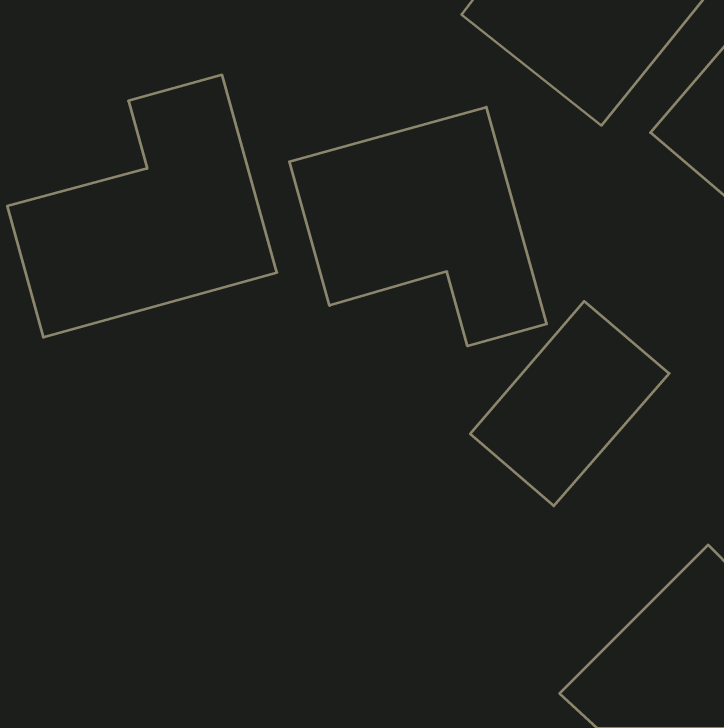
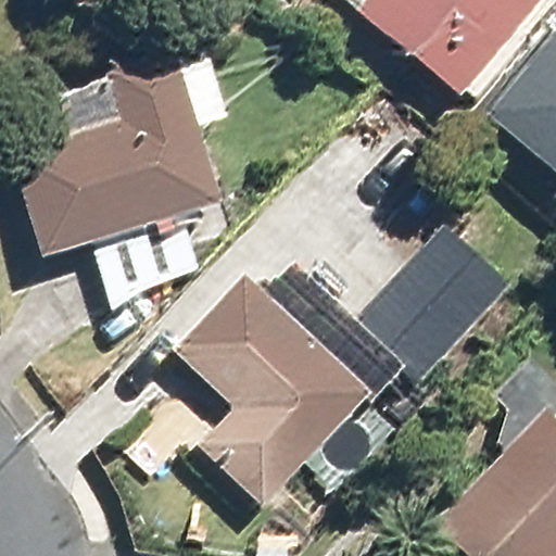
building: [289,107,547,346] -> none
building: none -> [170,277,365,503]

